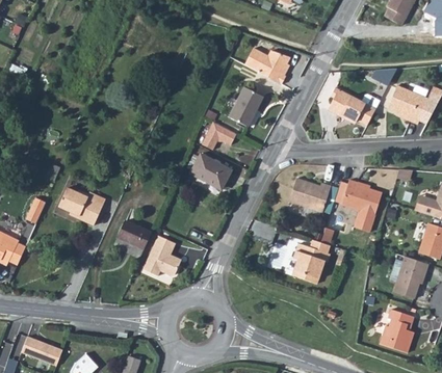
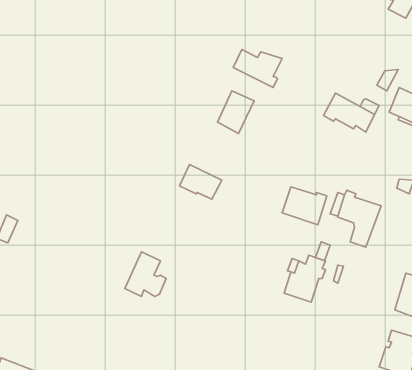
building: [201,122,236,150] -> none
building: [55,192,103,230] -> none
building: [118,224,151,252] -> none

